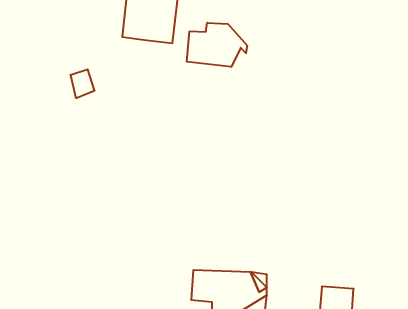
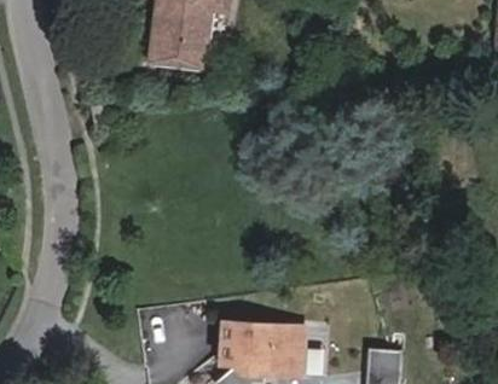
building: [187,23,247,67] -> none

